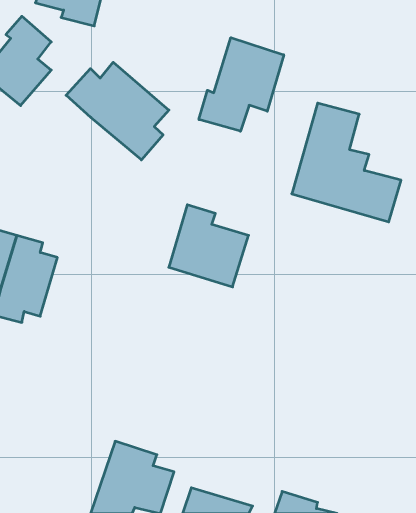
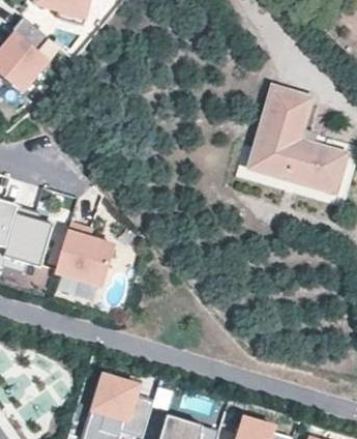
building: [199,38,284,131] -> none
building: [66,62,169,160] -> none
building: [169,205,249,287] -> [53,220,120,289]

